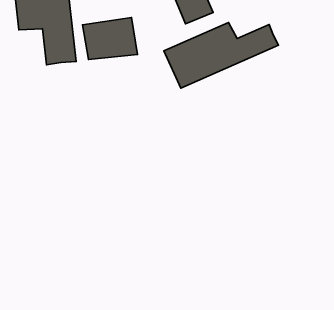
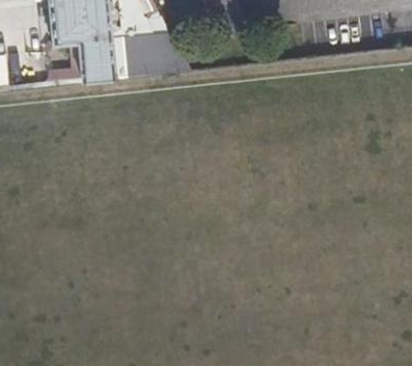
building: [164,22,278,88] -> none

